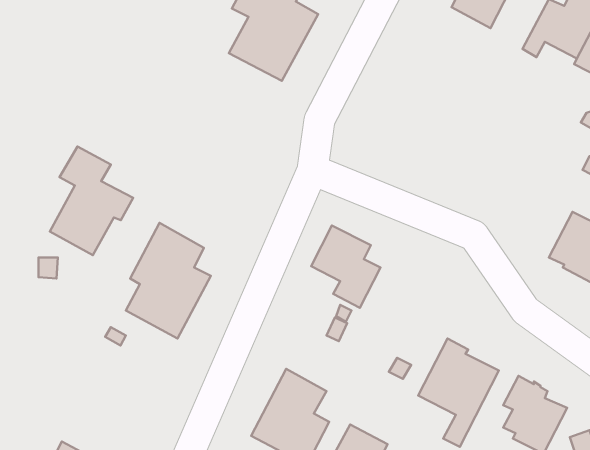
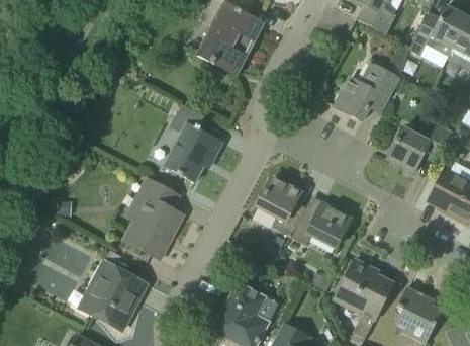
building: none -> [336,42,408,120]
building: [50,146,133,255] -> [163,104,223,183]
building: none -> [388,123,454,172]
building: none -> [292,204,351,250]
building: none -> [80,262,147,330]

